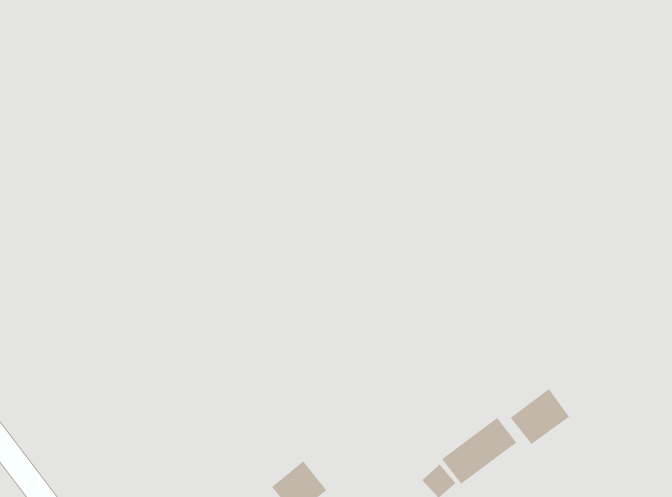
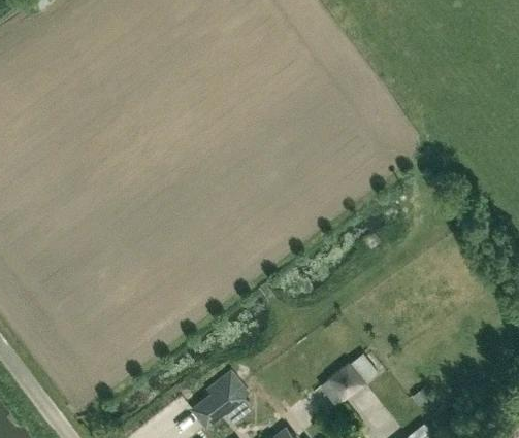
building: [510,388,570,445] -> none

